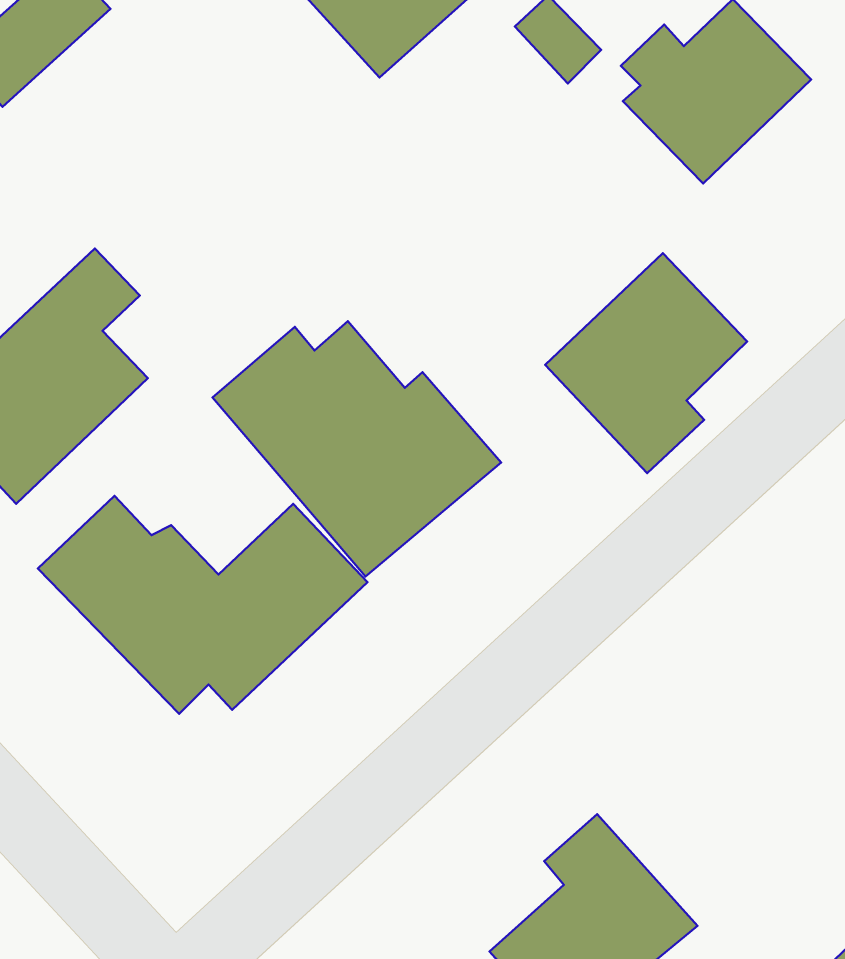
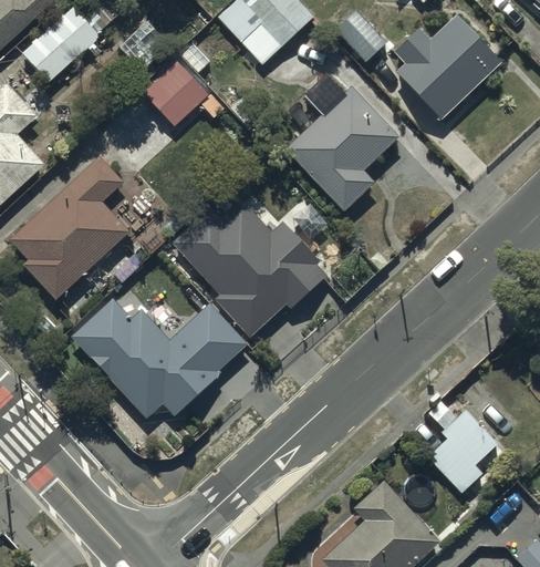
building: none -> [145,61,210,126]
building: [545,253,747,473] -> [285,90,399,214]
building: none -> [427,405,496,489]

